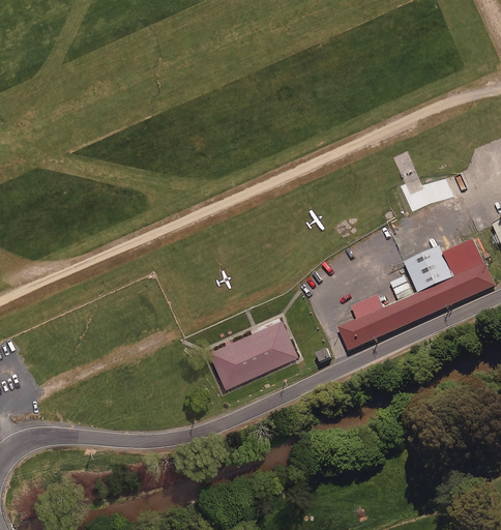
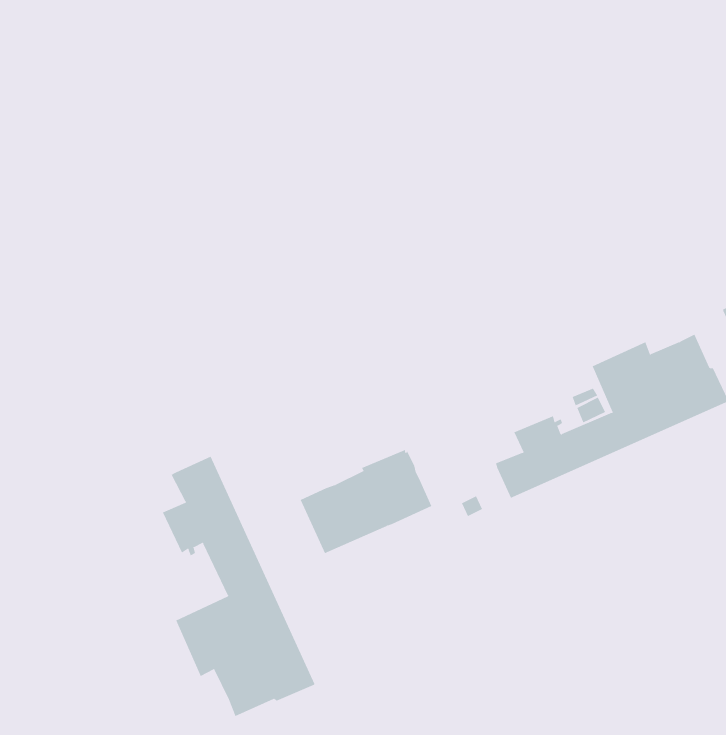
building: none -> [162,456,315,717]

